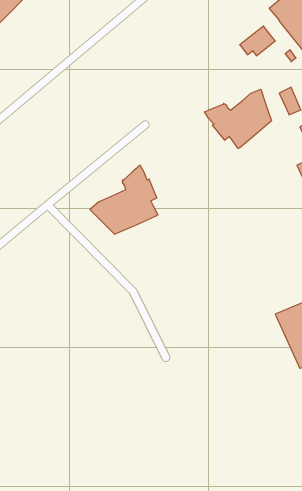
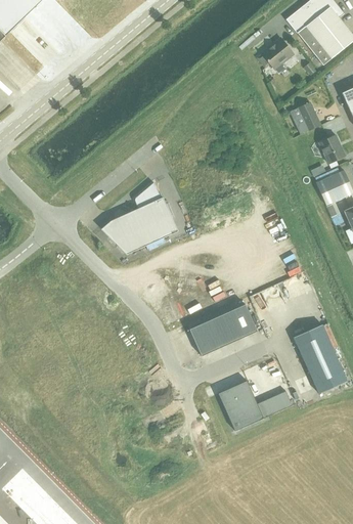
building: [205,89,271,148] -> none
building: none -> [189,303,258,355]
building: none -> [218,379,293,430]

